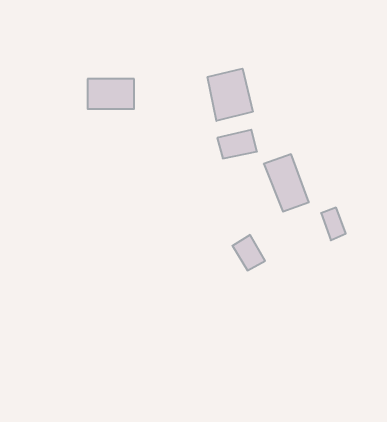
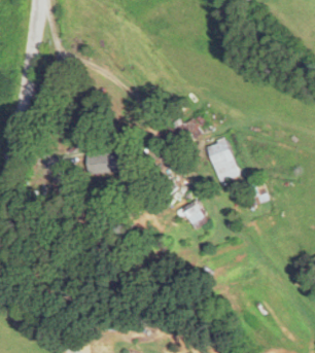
building: [208,69,253,121] -> none
building: [88,79,134,109] -> [87,150,122,173]

